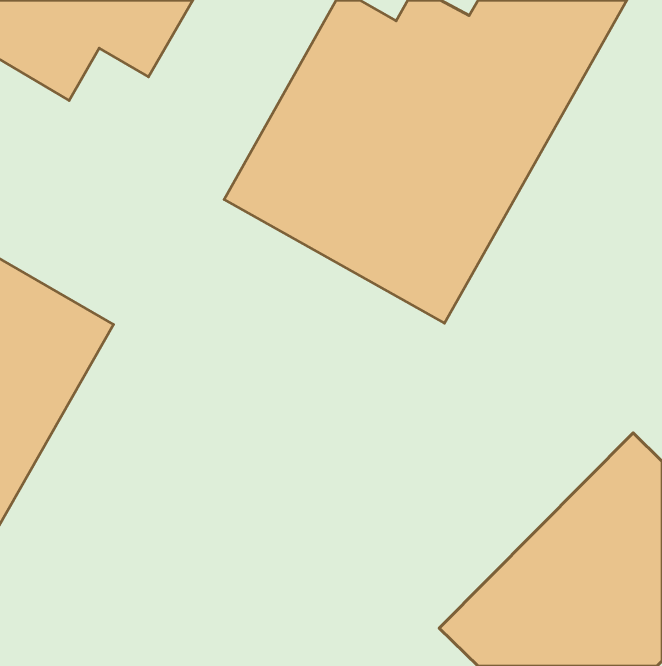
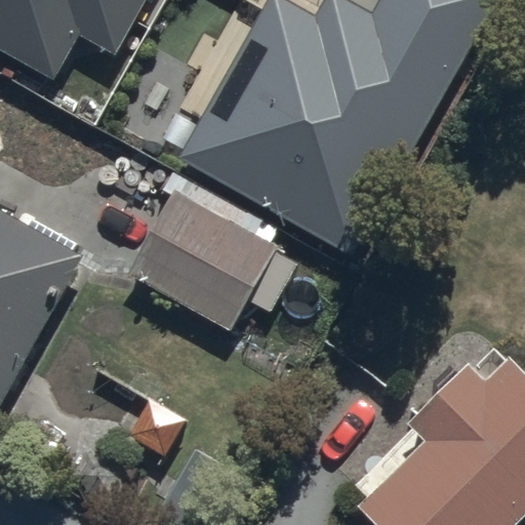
building: none -> [131,189,284,333]

